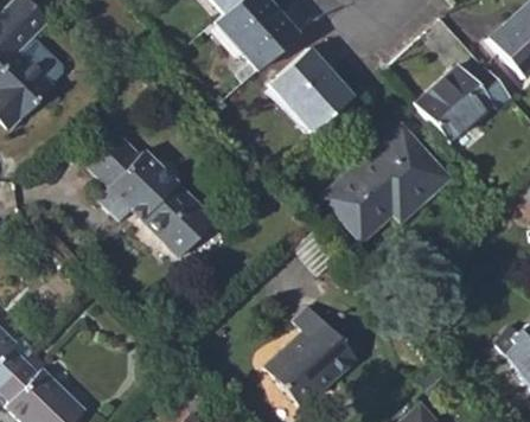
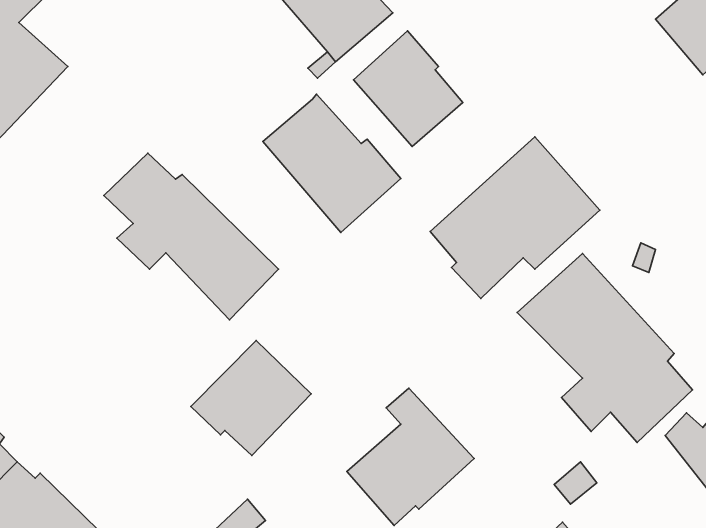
building: [416,65,511,141] -> none
building: none -> [263,94,401,232]
building: none -> [517,254,693,443]
building: none -> [191,341,311,456]

